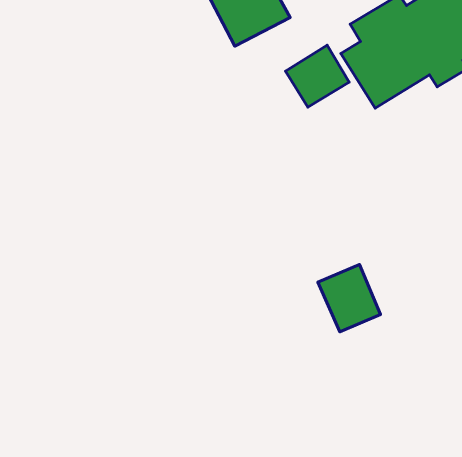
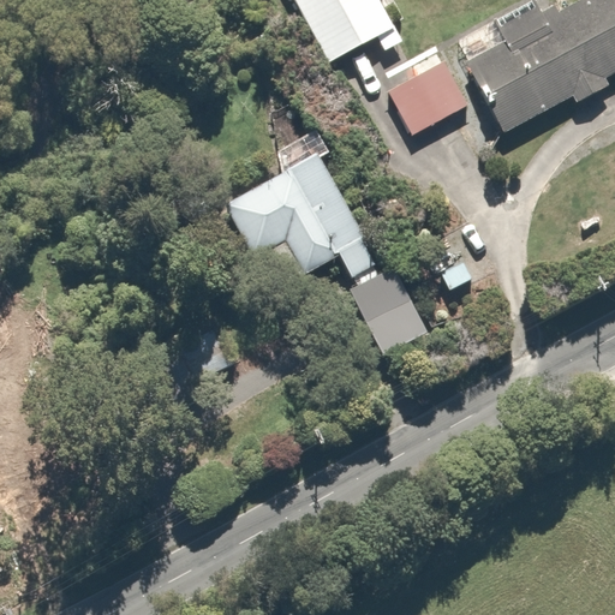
building: none -> [232,148,389,273]
building: [318,265,381,332] -> [350,269,431,357]

